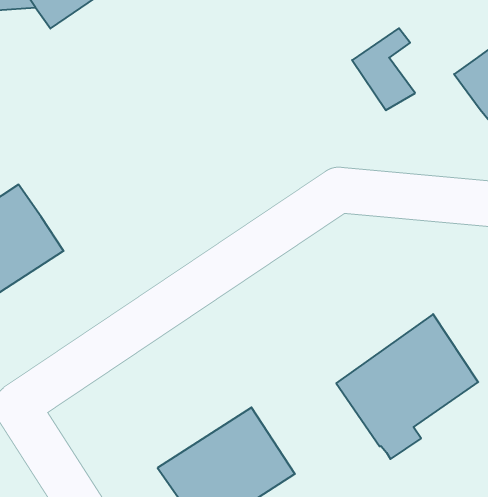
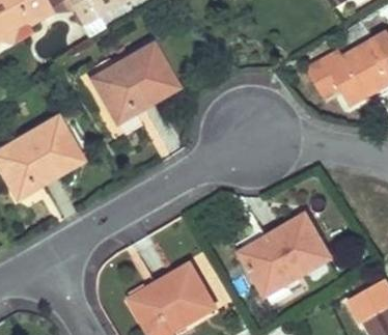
building: [352,28,415,110] -> [305,50,342,100]
building: none -> [92,44,175,119]

